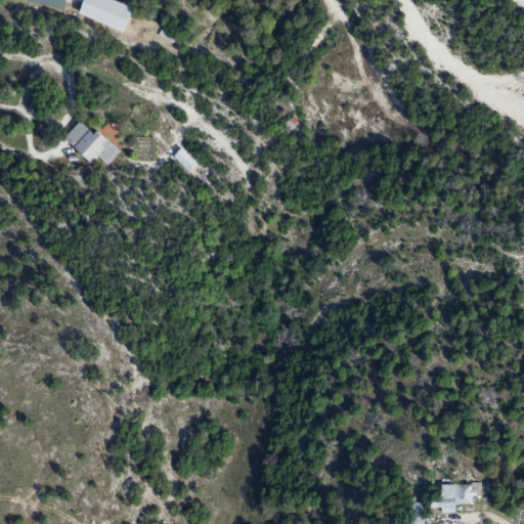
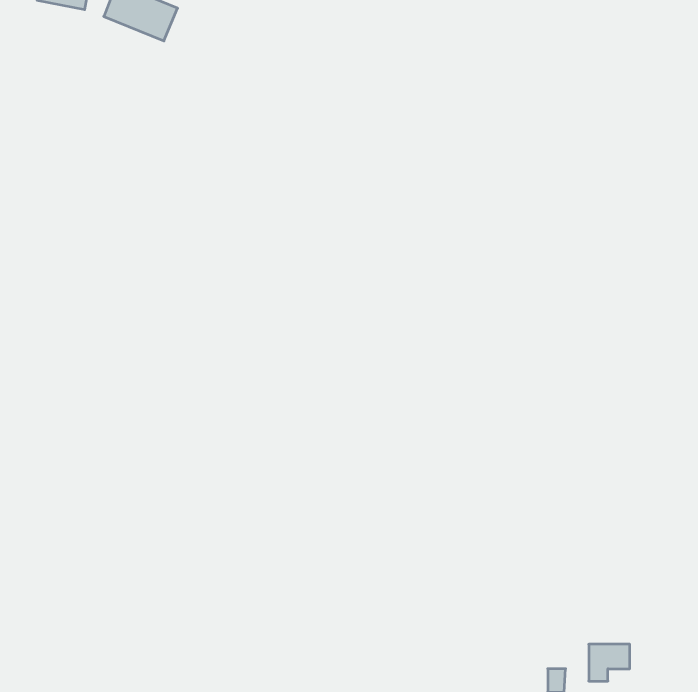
building: [64,121,120,164] -> none

